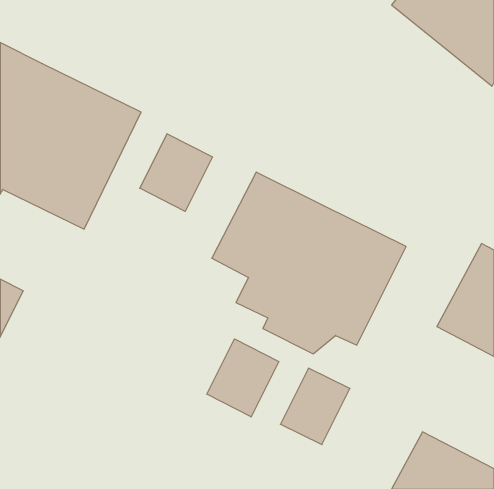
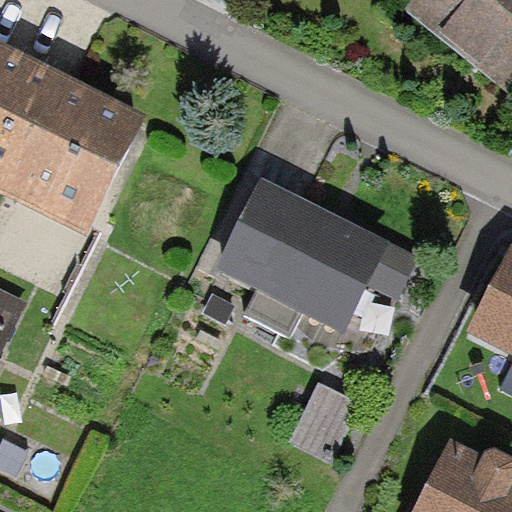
building: [140,134,213,211] -> none
building: [207,339,279,417] -> none

